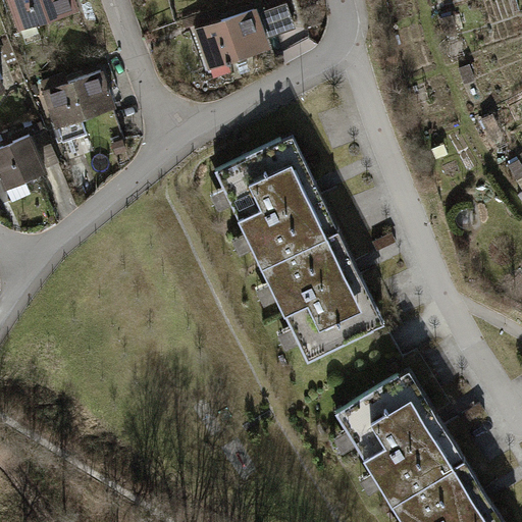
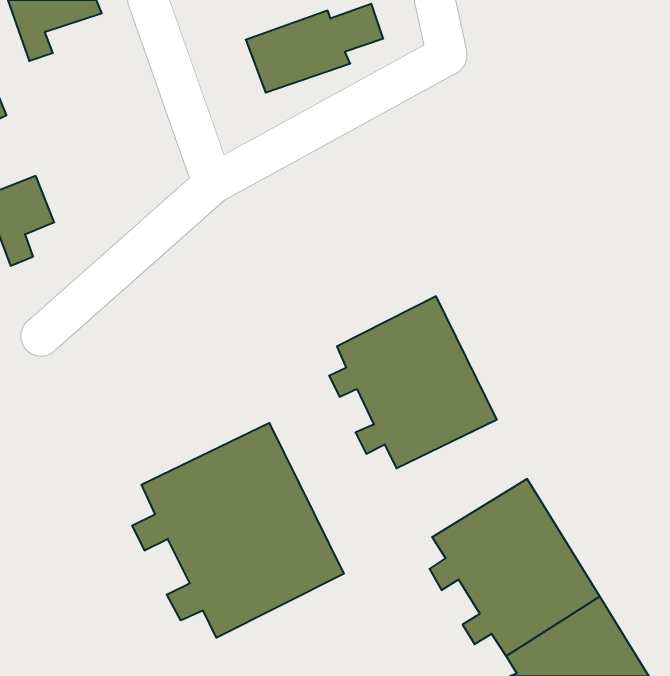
building: [41,72,107,126] -> none
building: [208,135,336,267] -> none
building: none -> [132,423,344,638]

